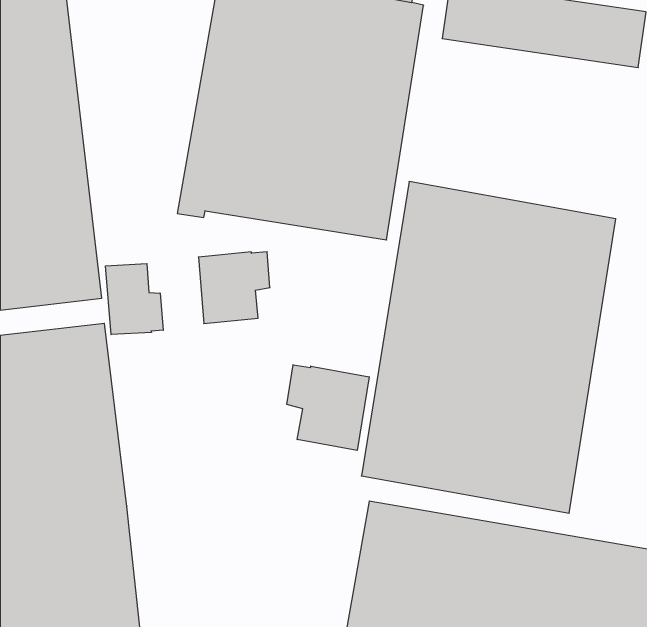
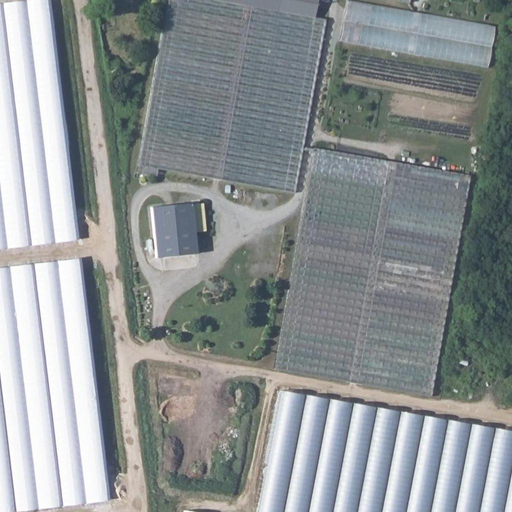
building: [106,264,163,335] -> none
building: [287,365,369,450] -> none

